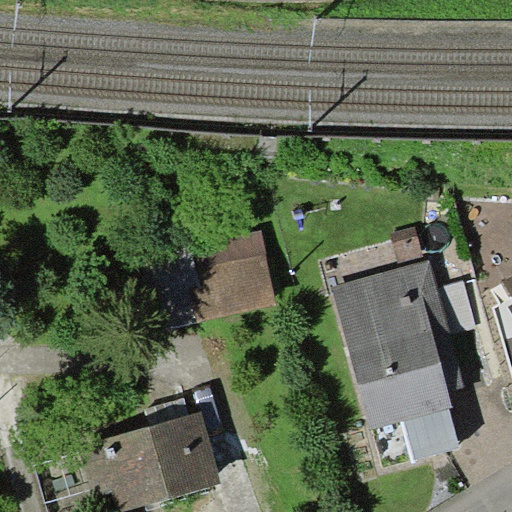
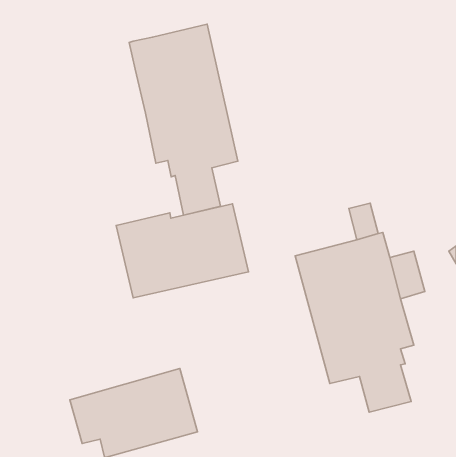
building: none -> [129,24,238,215]

